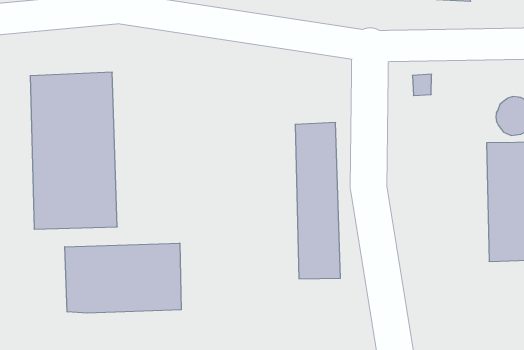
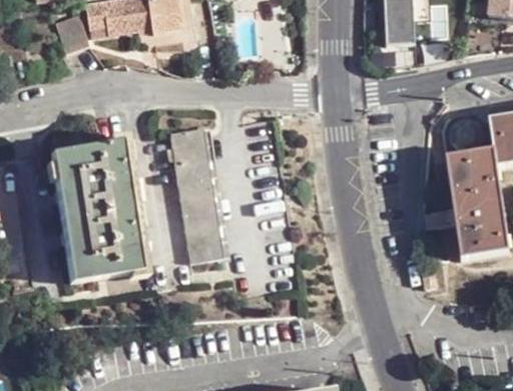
building: [295,123,340,279] -> [169,125,224,262]
building: [65,243,181,313] -> none

